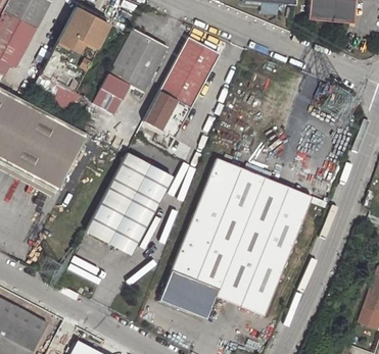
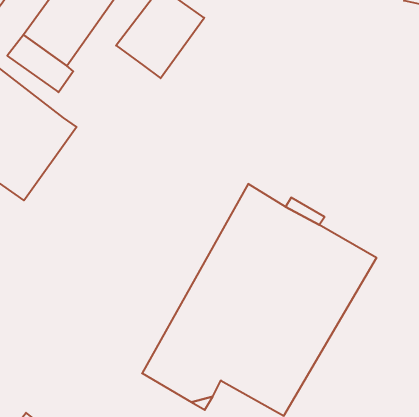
building: [145,35,223,137] -> none
building: [91,75,128,116] -> none
building: [86,155,172,255] -> none

